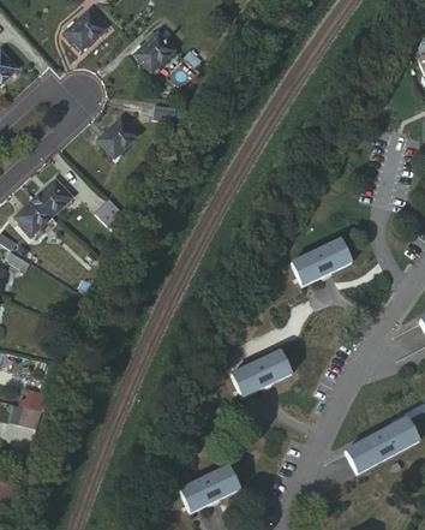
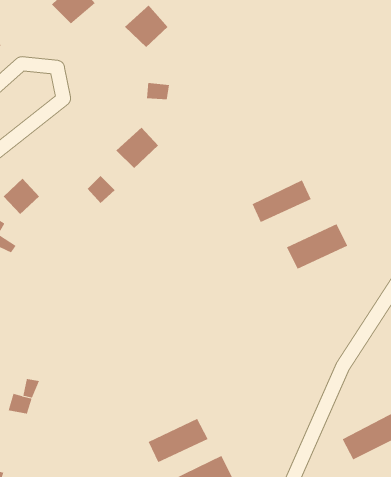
building: [97,115,139,156] -> [116,127,159,169]
building: [36,179,77,222] -> none
building: none -> [252,179,312,223]
building: [232,353,291,397] -> [148,418,209,463]

